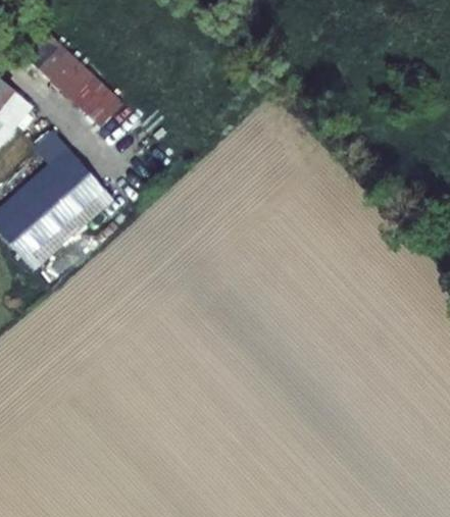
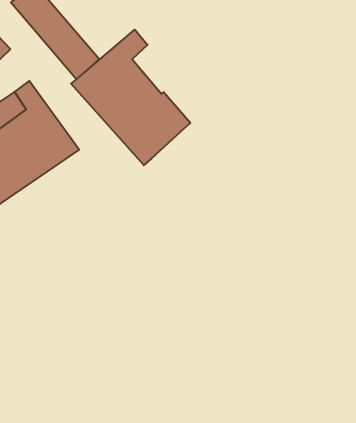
building: none -> [71,30,190,165]

